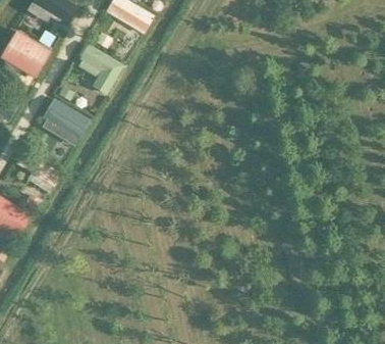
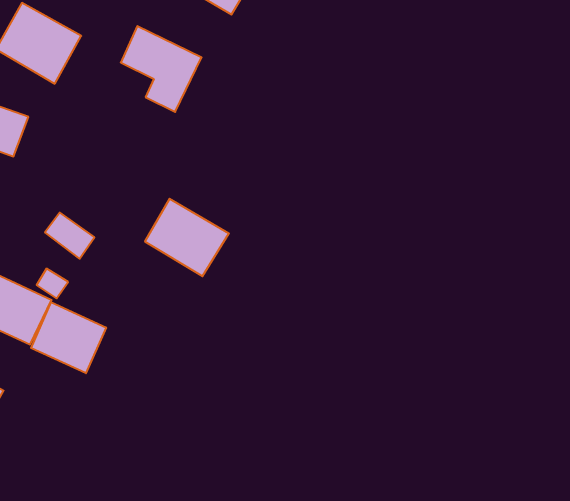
building: [39,98,91,146] -> [145,199,229,276]
building: none -> [31,302,106,373]

